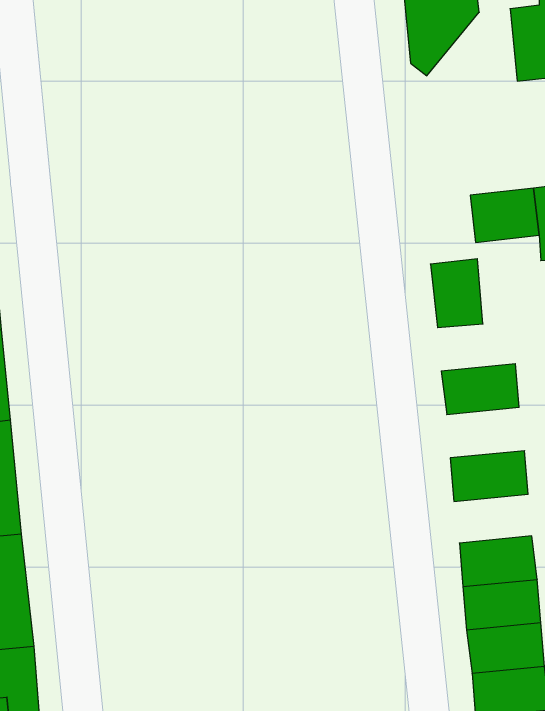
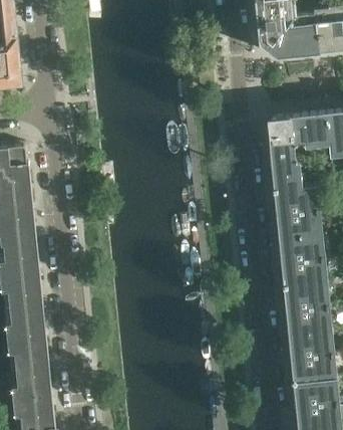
building: none -> [267,15,317,59]
building: none -> [266,119,295,157]
building: none -> [273,188,316,216]
building: none -> [278,236,321,264]
building: none -> [282,284,325,311]

